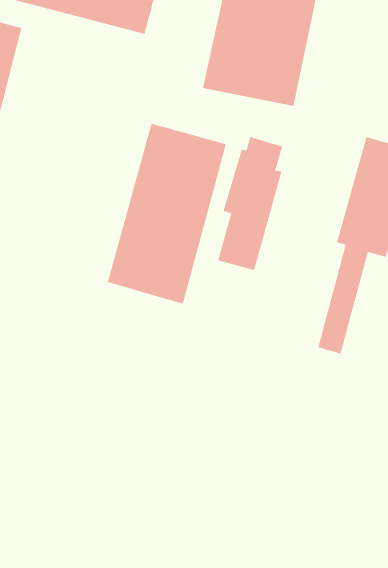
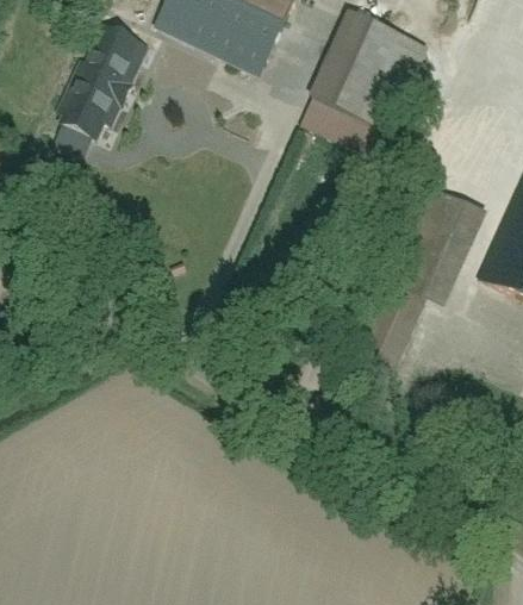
building: [107,123,227,304] -> none
building: [218,136,283,271] -> none

